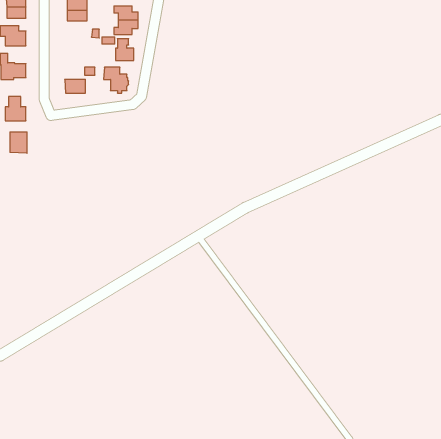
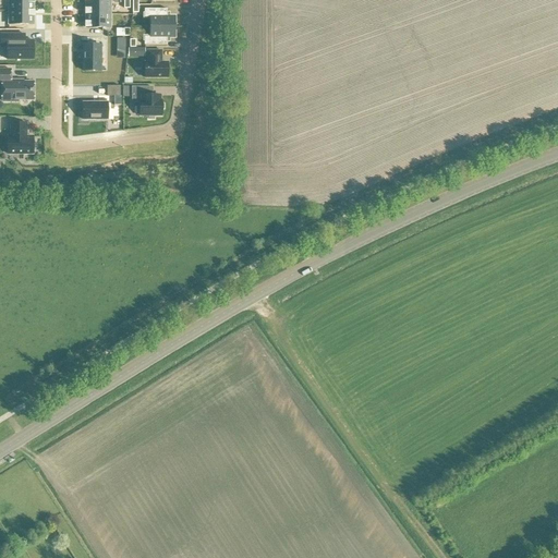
building: none -> [83,44,100,70]
building: [10,132,27,153] -> none

